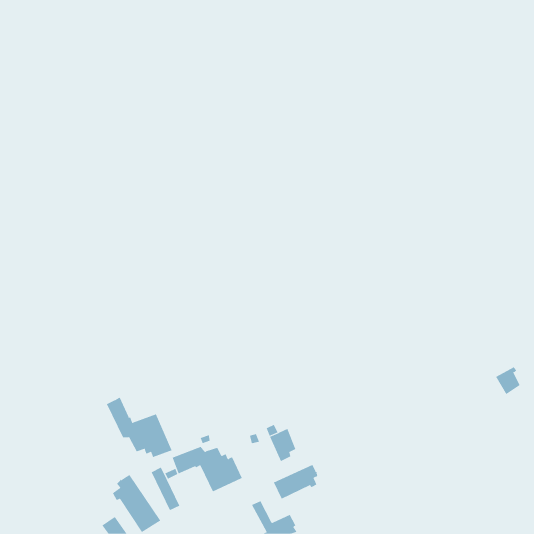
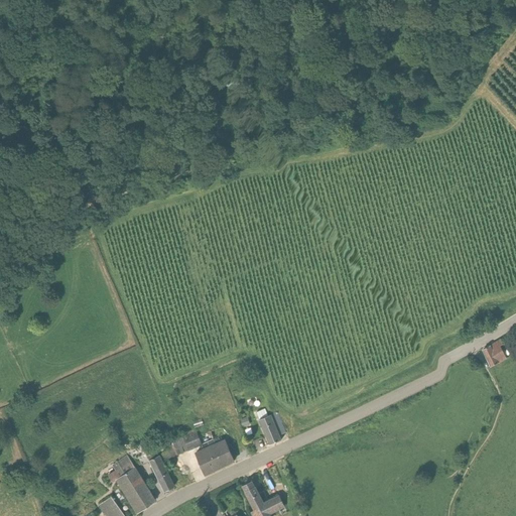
building: [106,397,173,458] -> none
building: [273,464,318,500] -> none

